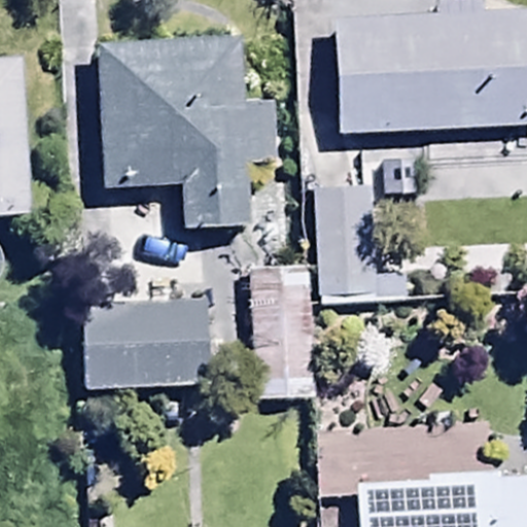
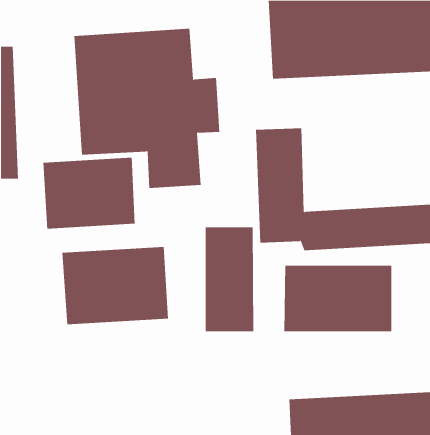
building: none -> [43,157,135,229]
building: none -> [284,265,392,332]

